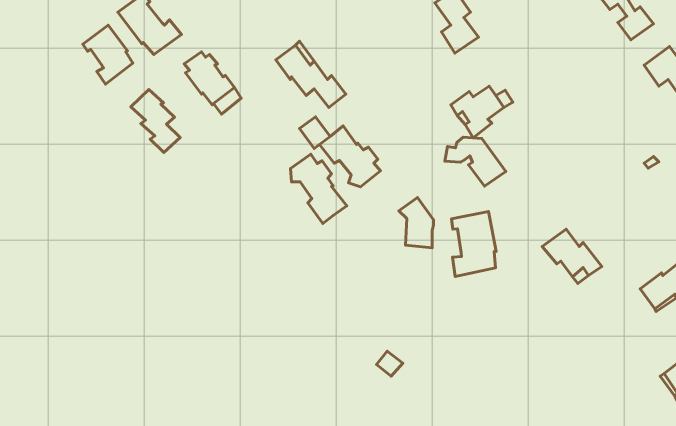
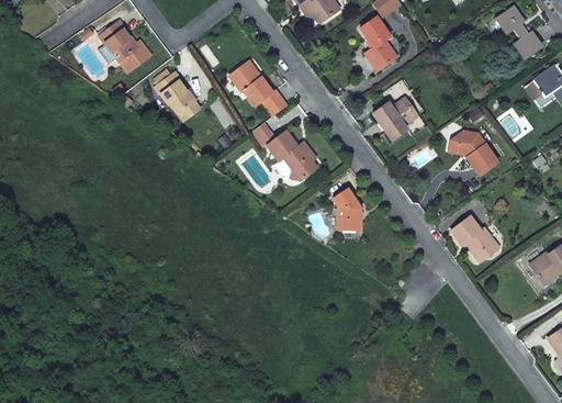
building: [83,25,133,84] -> none
building: [131,90,180,152] -> none
building: [445,137,506,186] -> [449,134,499,175]
building: [290,154,347,223] -> none
building: [451,211,496,276] -> none

